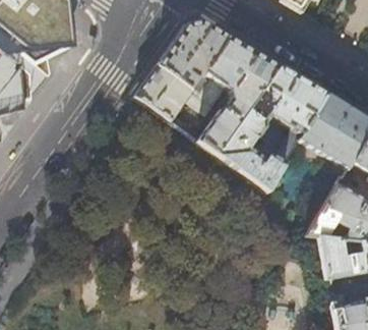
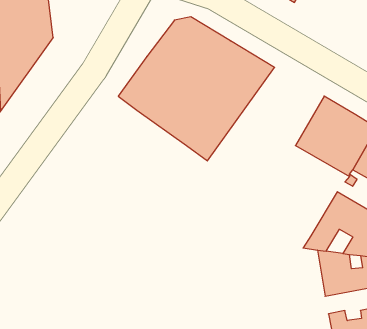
building: [218,65,325,189] -> none

